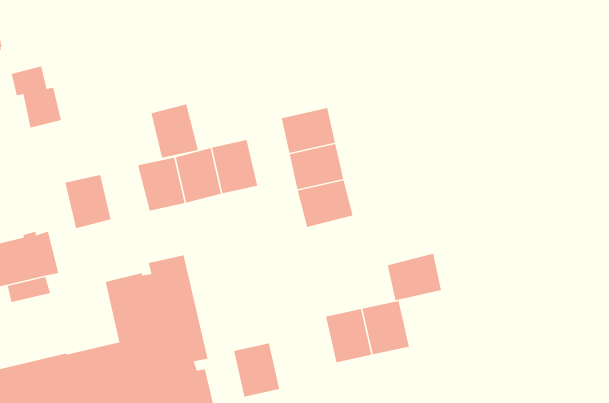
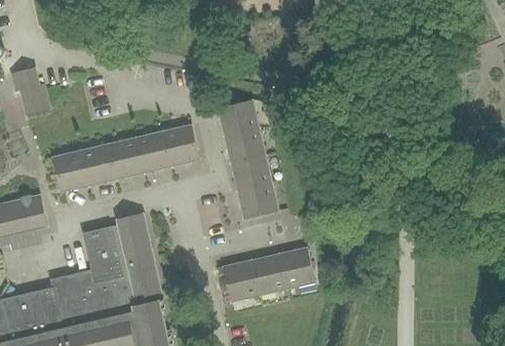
building: [151,103,199,158] -> [78,144,115,186]
building: [387,253,442,301] -> [235,183,277,220]
building: [233,343,280,398] -> [222,260,258,302]

